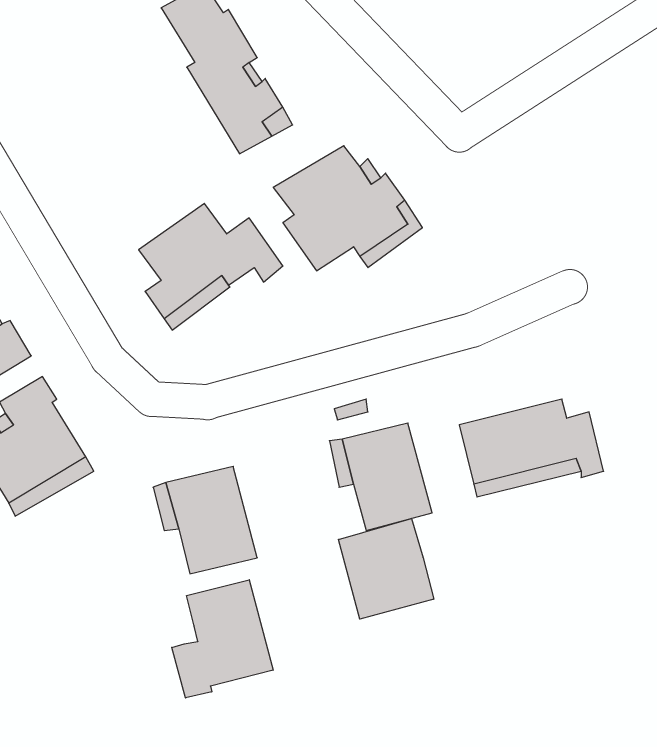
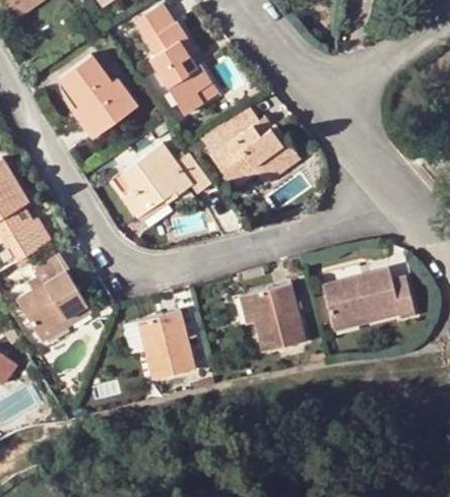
building: none -> [60,54,136,137]
building: [338,518,434,619] -> none
building: [172,580,273,698] -> none

